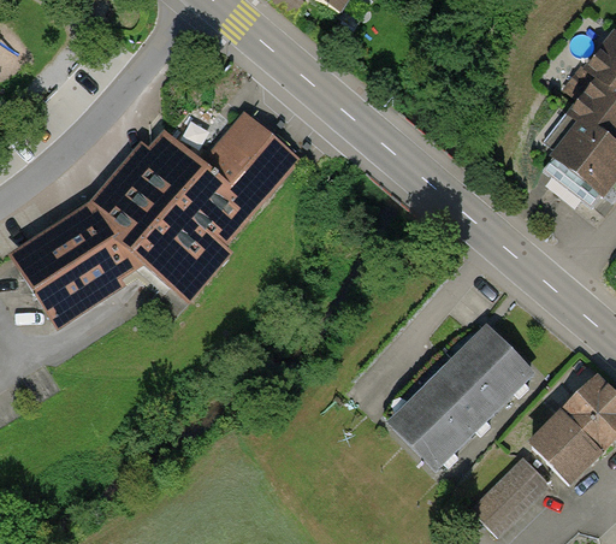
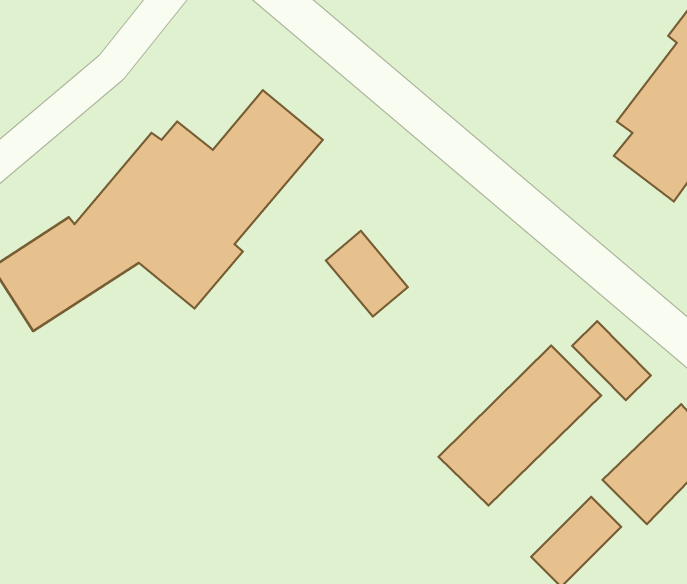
building: none -> [326,231,408,317]
building: none -> [572,321,651,400]

